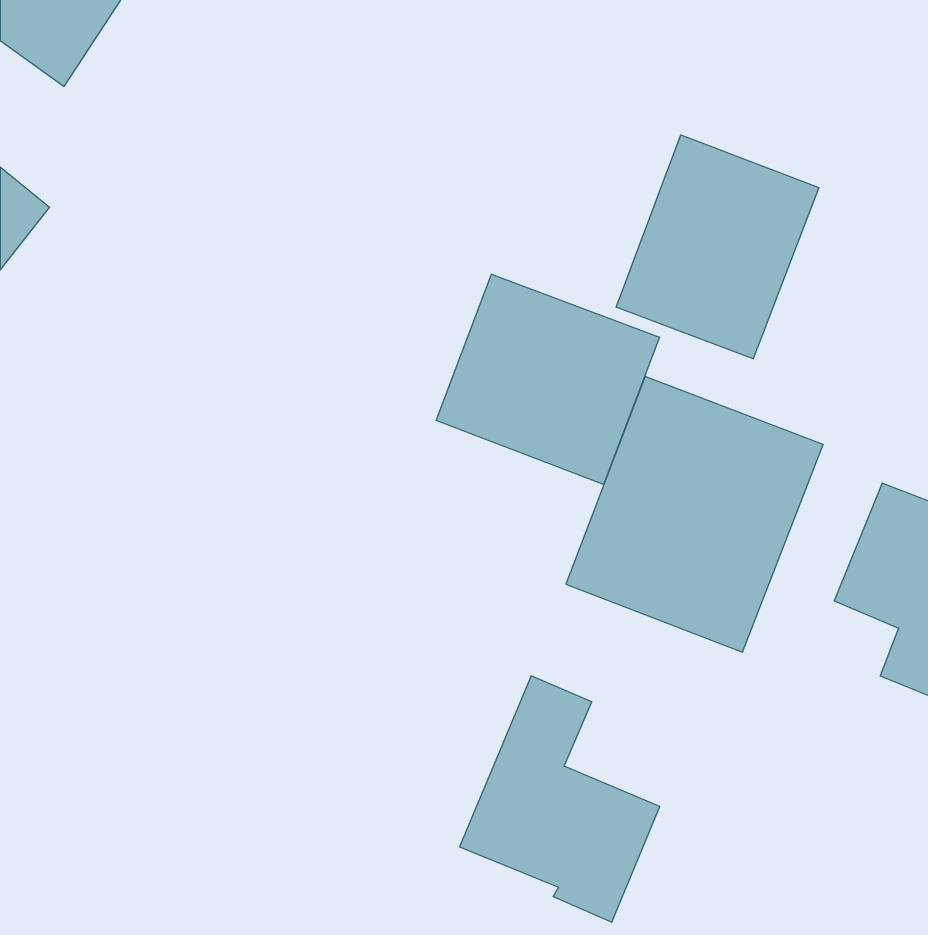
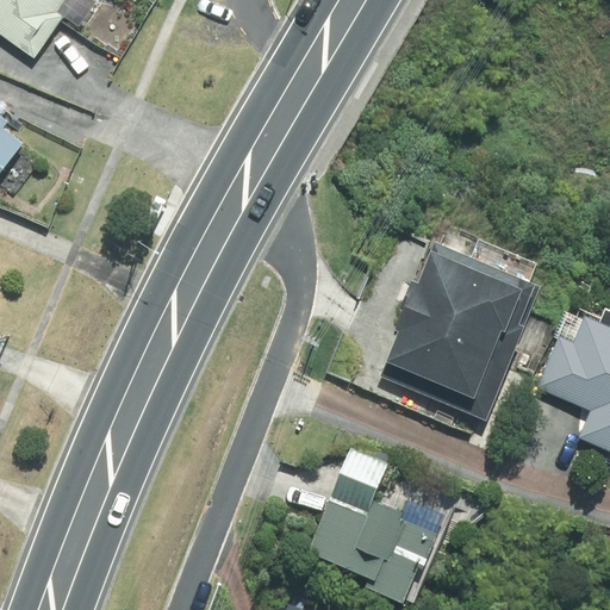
building: [616,135,819,359] -> none
building: [436,274,660,484] -> none

